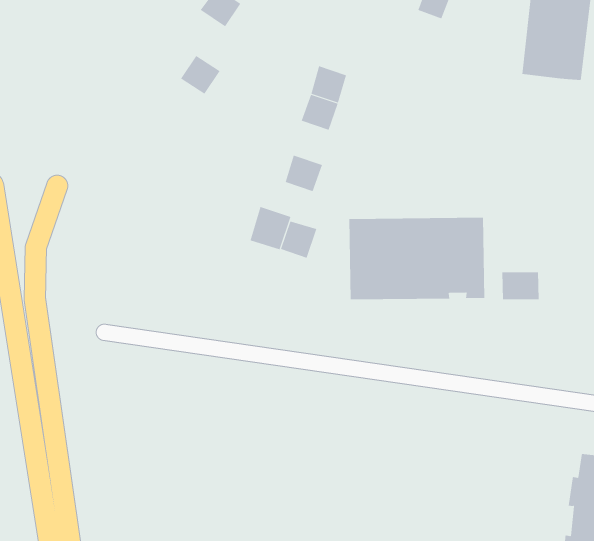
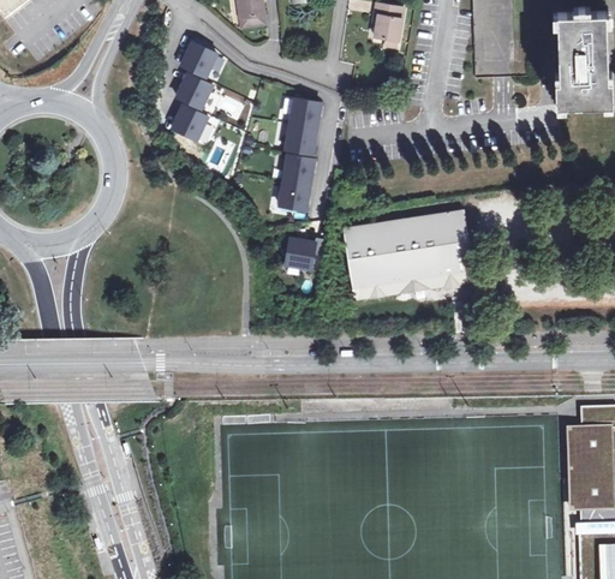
building: none -> [177,71,213,106]
building: none -> [283,154,315,184]
building: [250,206,291,250] -> none
building: [502,271,539,300] -> none

